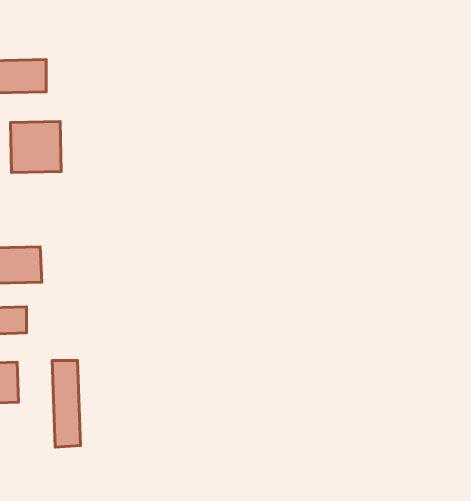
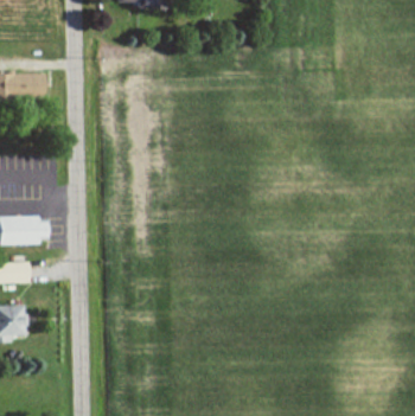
building: [10,122,61,172] -> none
building: [52,360,81,447] -> none

